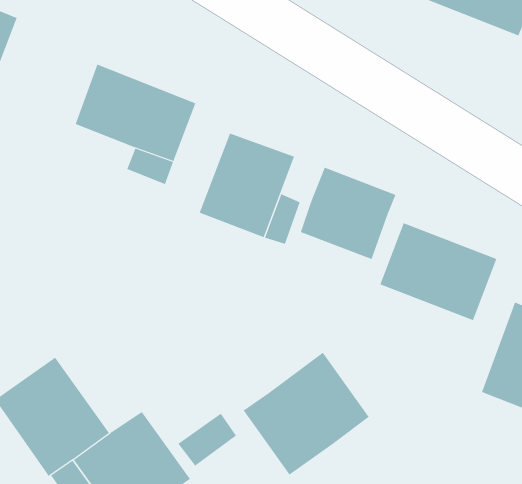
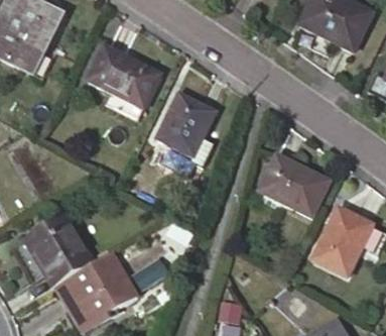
building: [300,167,396,260] -> none
building: [243,352,369,475] -> none

